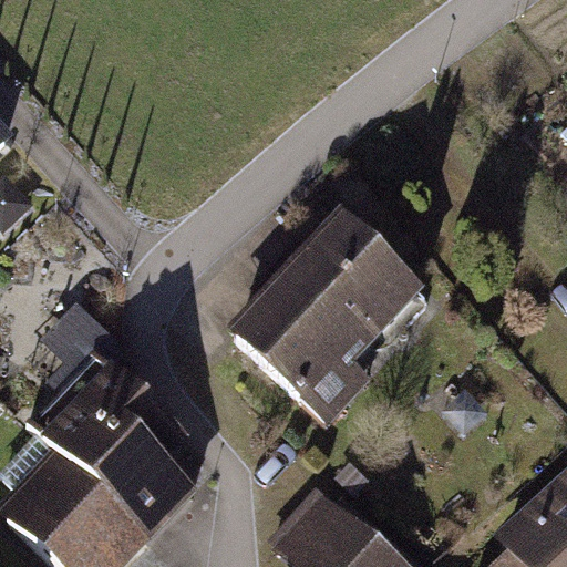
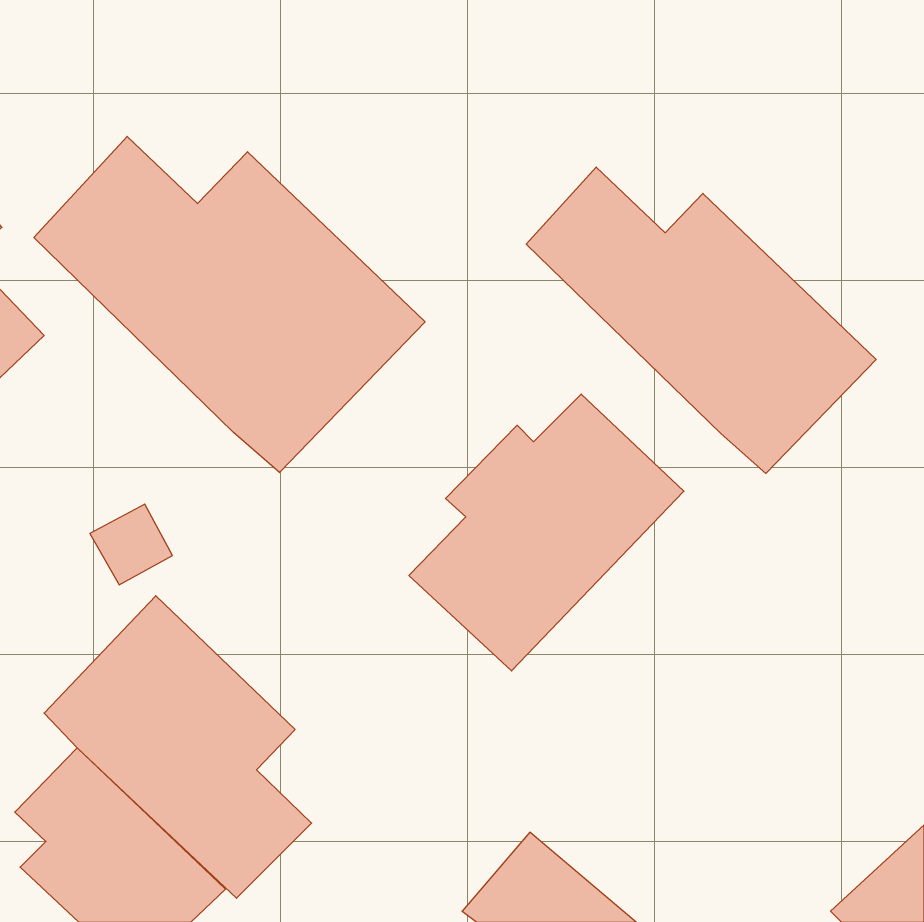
building: none -> [34,136,425,473]
building: none -> [526,167,876,473]

